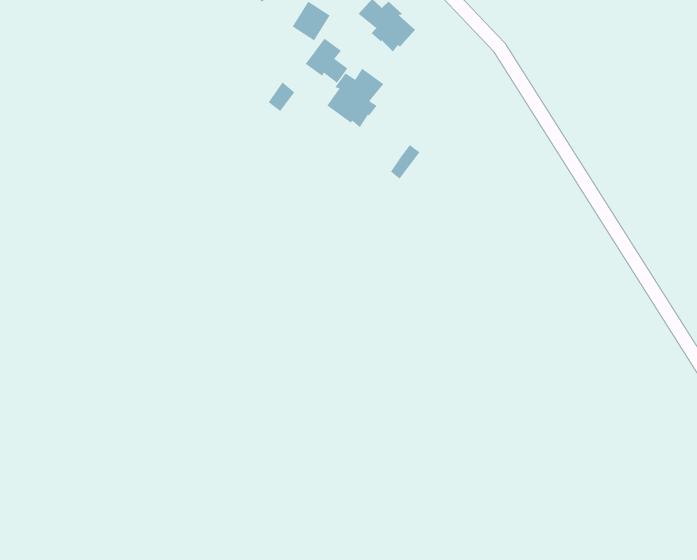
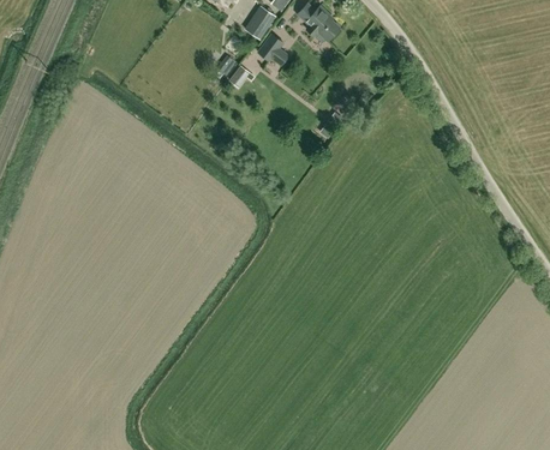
building: [326,68,384,128] -> none

